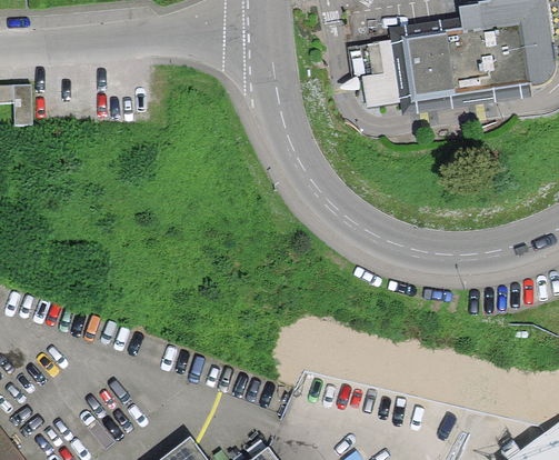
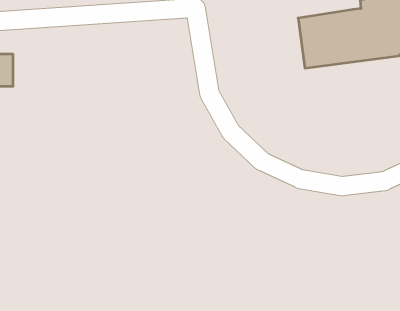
building: [353,39,413,109] -> none

